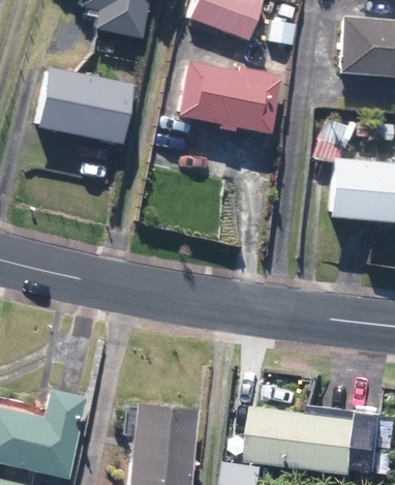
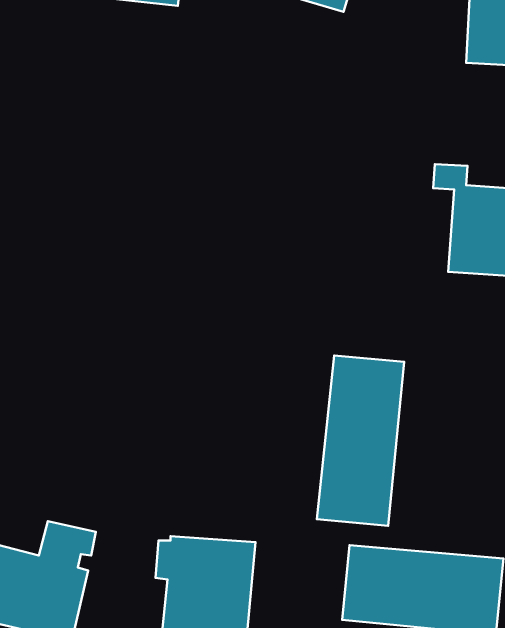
building: [181,47,280,130] -> none
building: [40,69,132,142] -> none
building: none -> [317,355,404,526]

